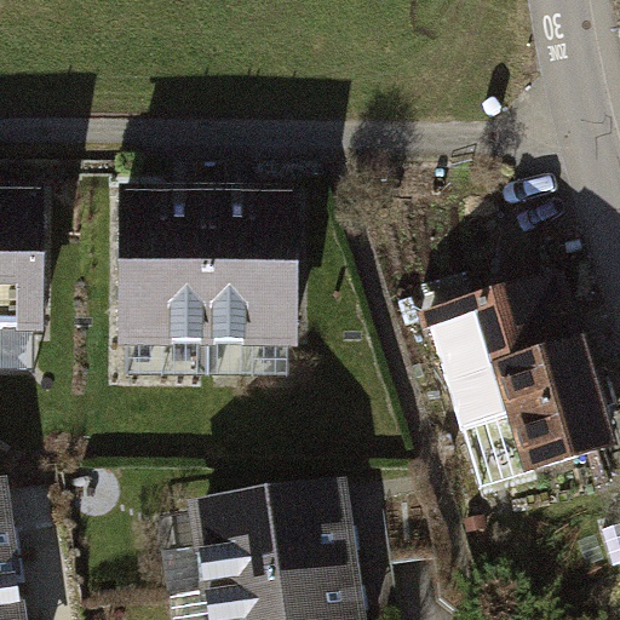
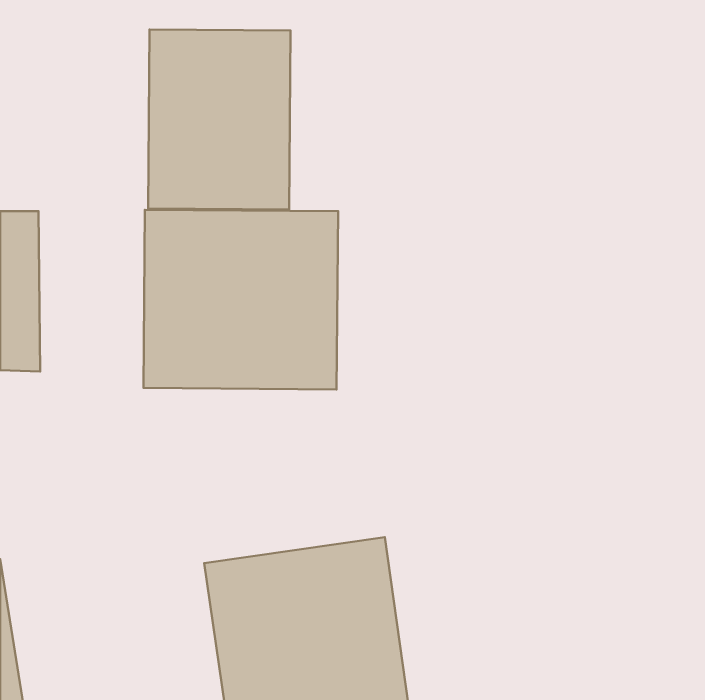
building: none -> [148,29,291,210]
building: [432,285,608,490] -> none

